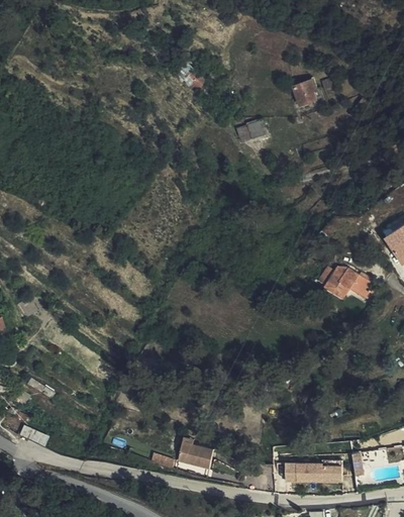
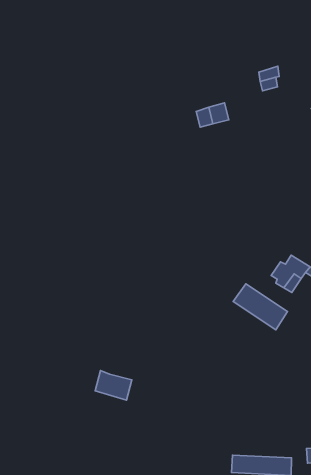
building: none -> [233,284,288,330]
building: [176,442,211,470] -> [95,371,132,400]

